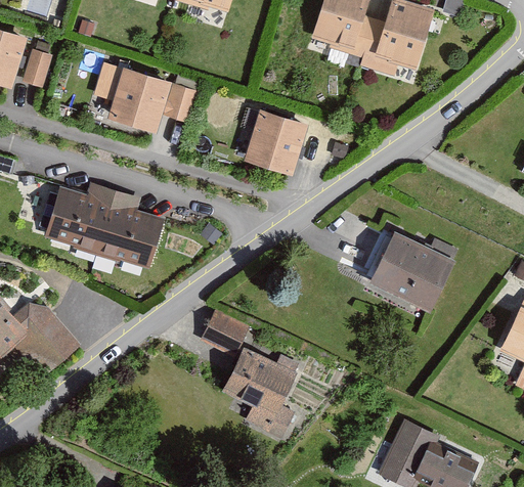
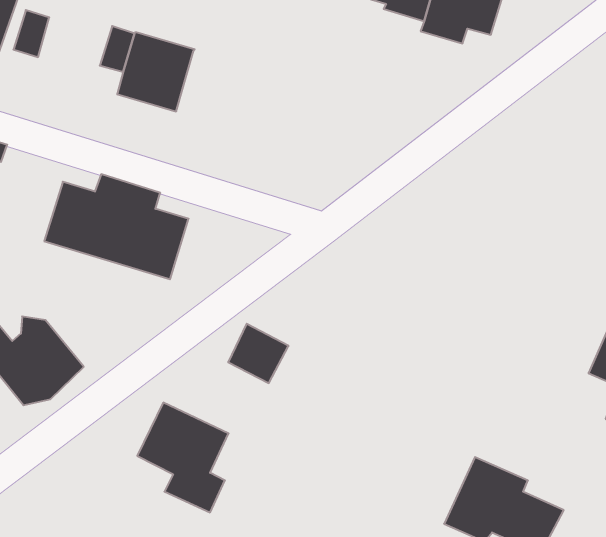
building: [162,82,199,122] -> none
building: [244,107,308,174] -> none
building: [373,233,454,310] -> none
building: [221,347,297,438] -> [137,403,229,512]

